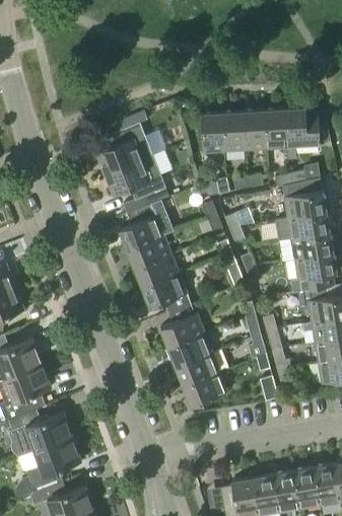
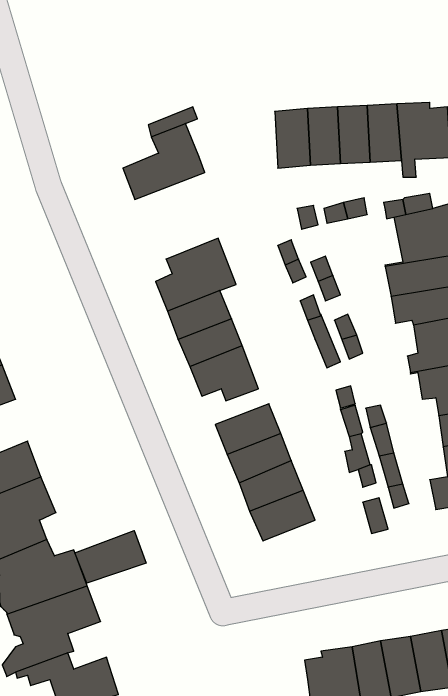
building: [105,156,168,215] -> none
building: none -> [75,531,146,583]

